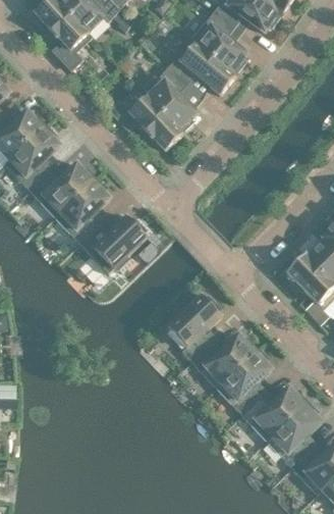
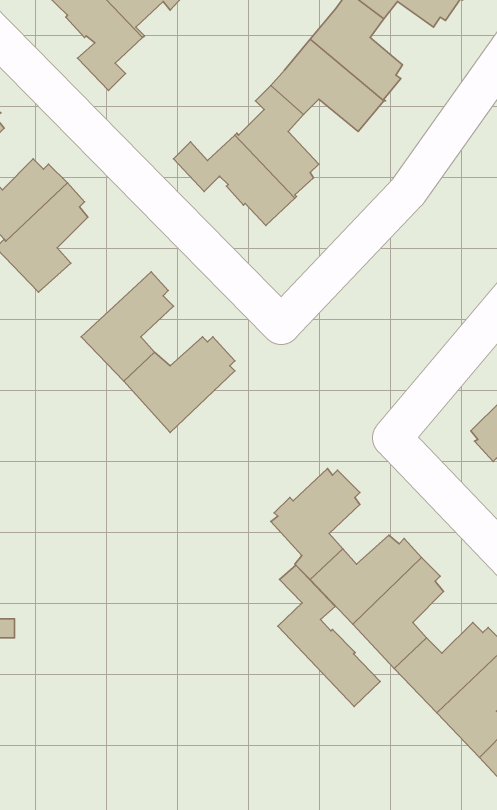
building: [30,163,97,216] -> none
building: none -> [278,565,380,707]

